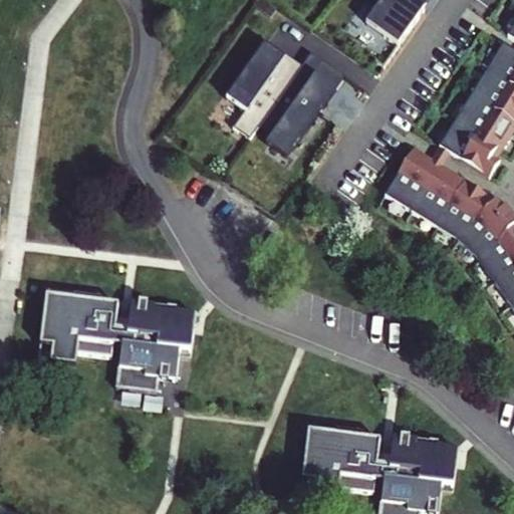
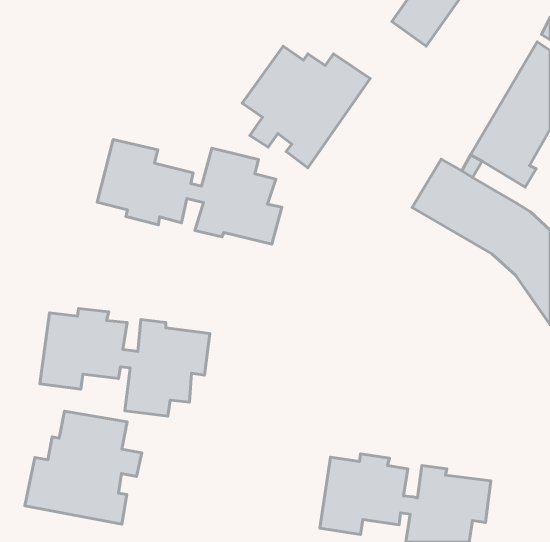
building: none -> [97,139,282,244]
building: none -> [25,411,142,524]

